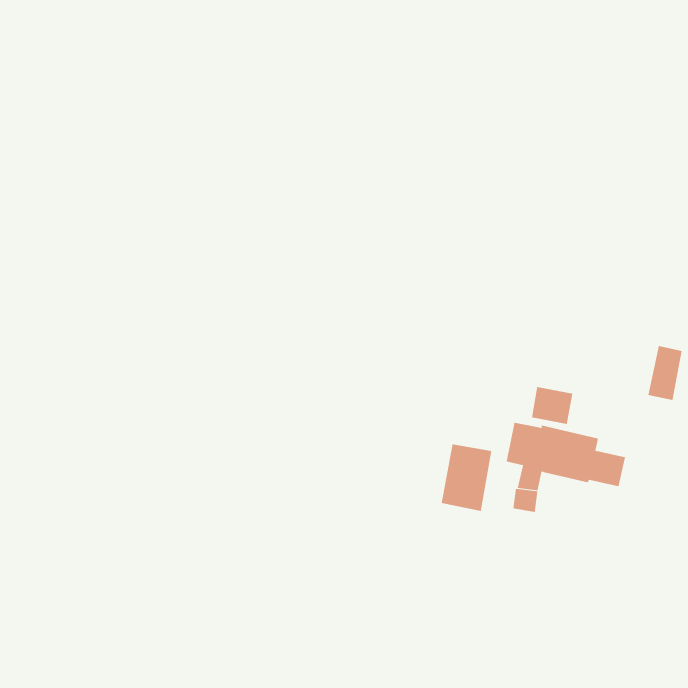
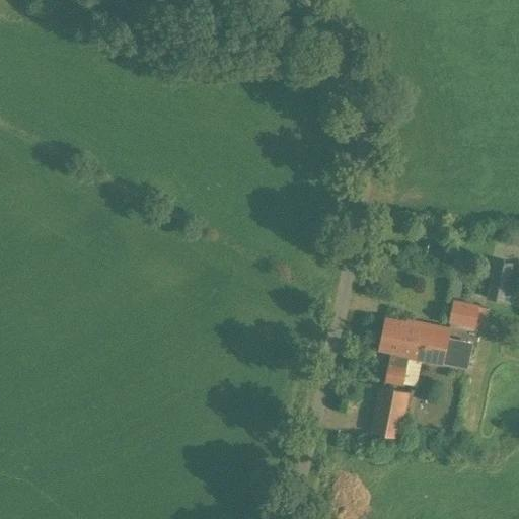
building: [531,387,573,424] -> [450,300,481,328]
building: [441,444,492,511] -> [371,388,410,439]

